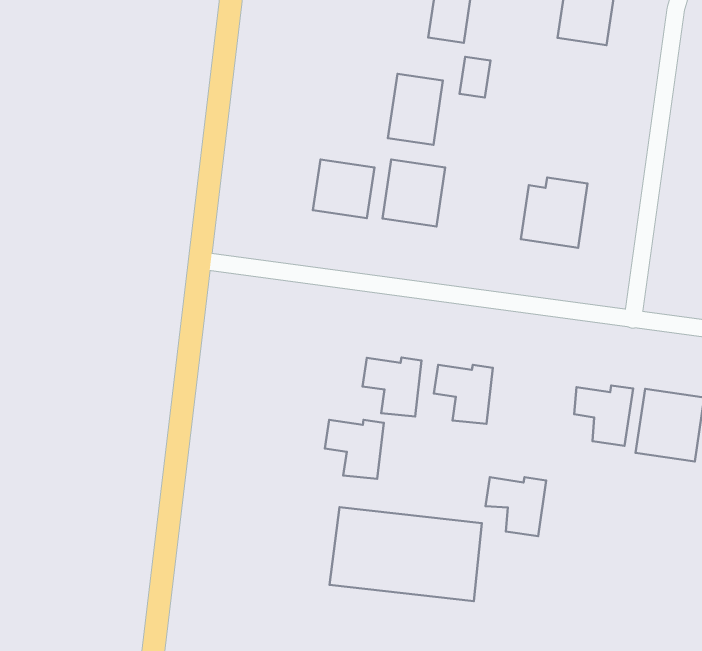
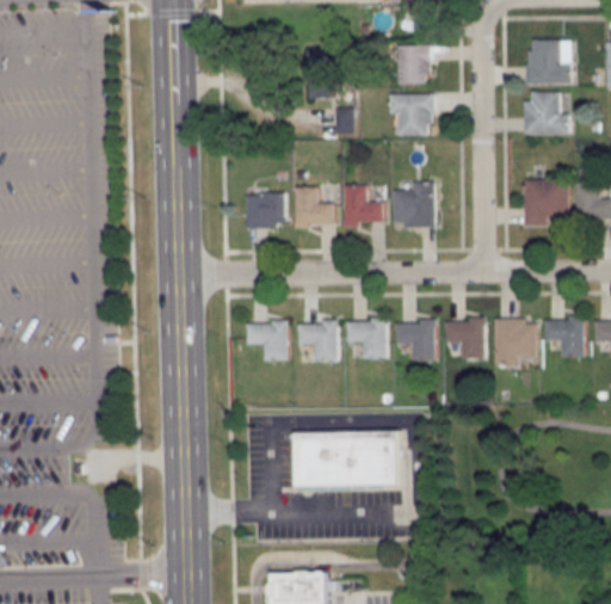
building: none -> [389,94,434,136]
building: [388,74,443,145] -> none
building: none -> [345,186,384,227]
building: [325,420,384,479] -> [248,322,288,363]
building: [486,477,546,536] -> [397,322,437,362]

